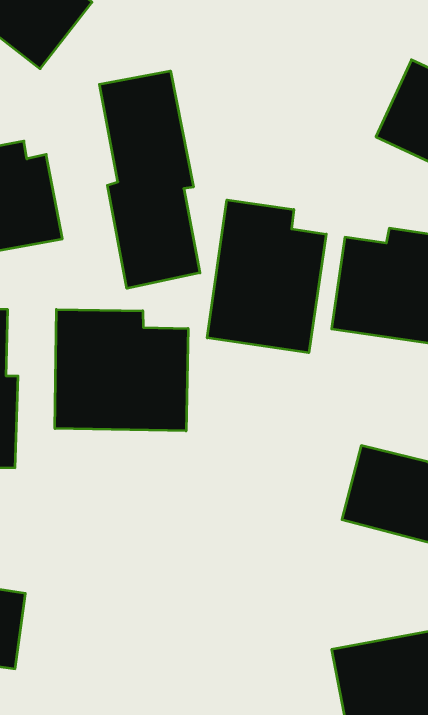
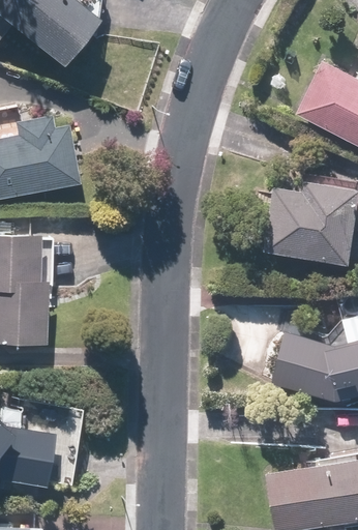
building: [99,71,200,288] -> none
building: [207,200,326,353] -> none
building: [55,309,188,431] -> none

